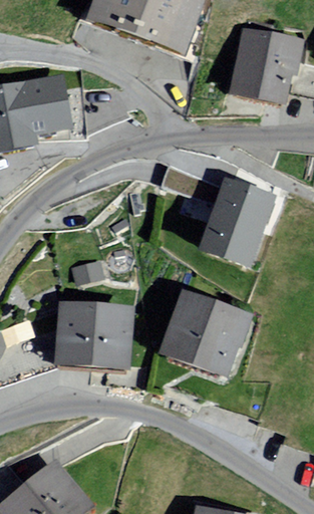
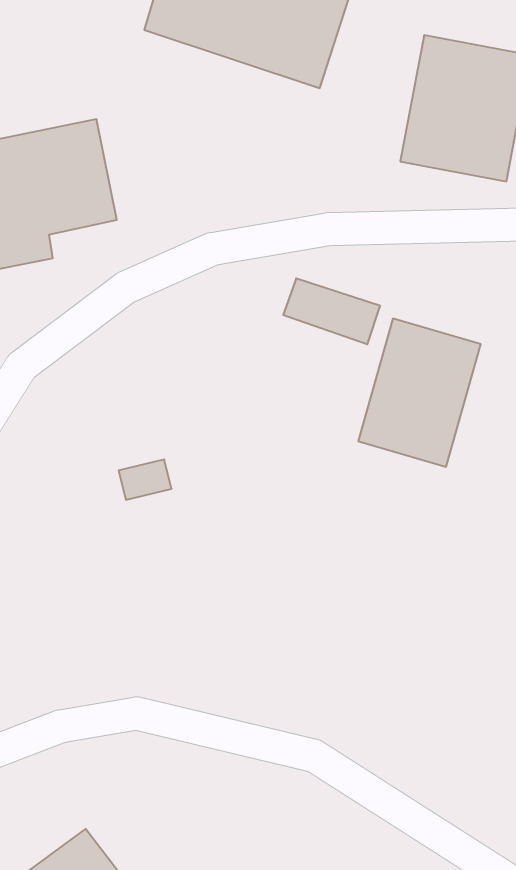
building: [162,291,253,381] -> none
building: [56,301,132,369] -> none

